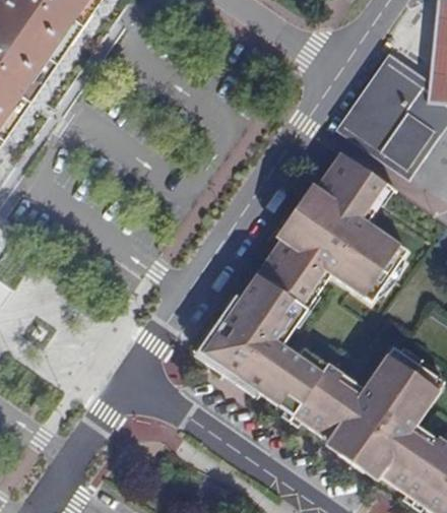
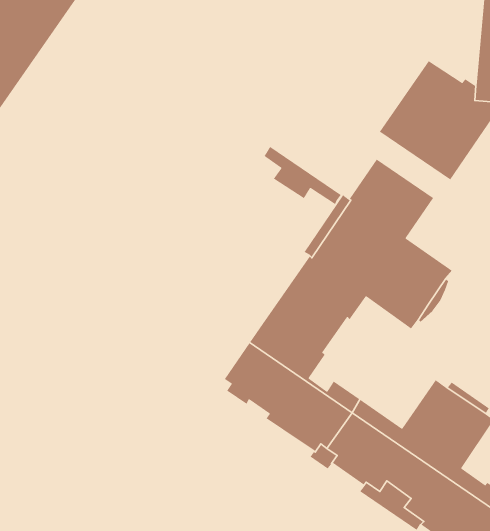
building: none -> [263,146,342,205]
building: [196,294,260,395] -> none

